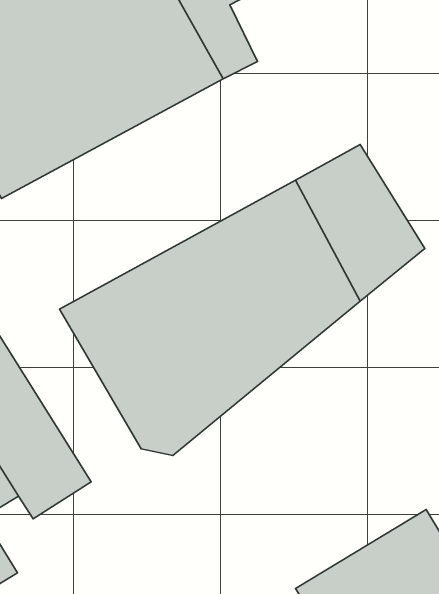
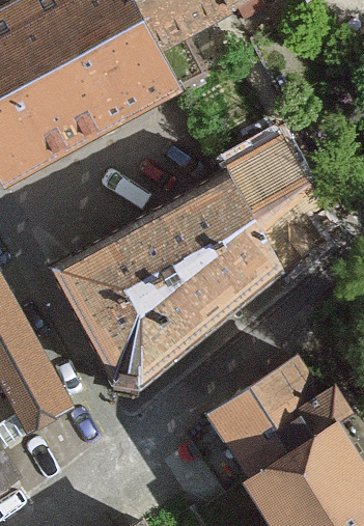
building: none -> [195,358,338,489]

